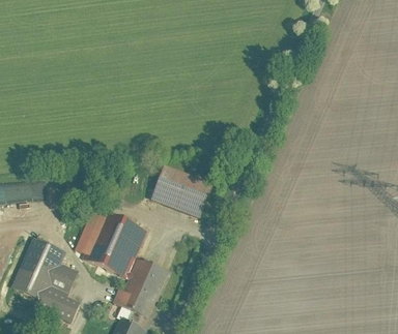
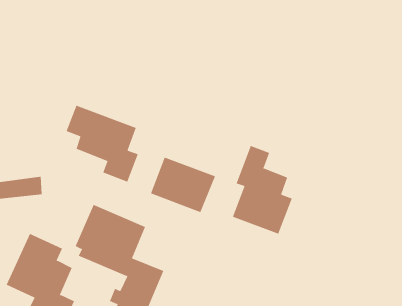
building: none -> [66,105,138,182]
building: none -> [232,145,292,235]

